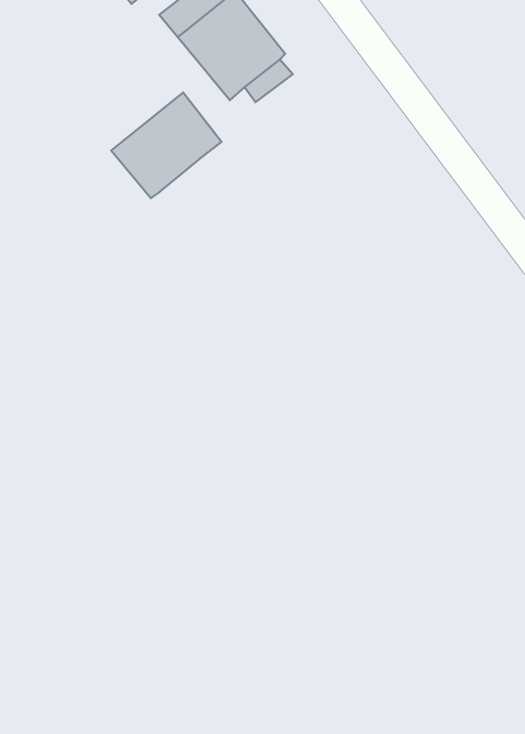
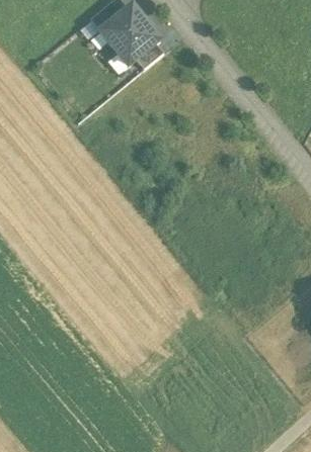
building: [111,93,222,198] -> none

